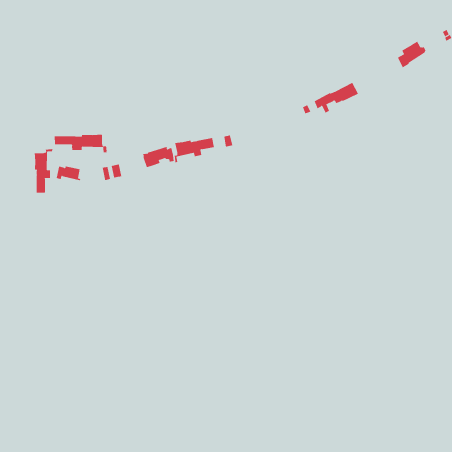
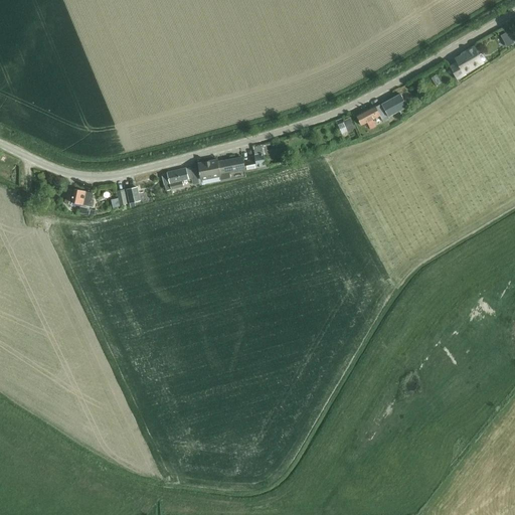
building: [53,134,108,153] -> none
building: [34,148,53,194] -> none

